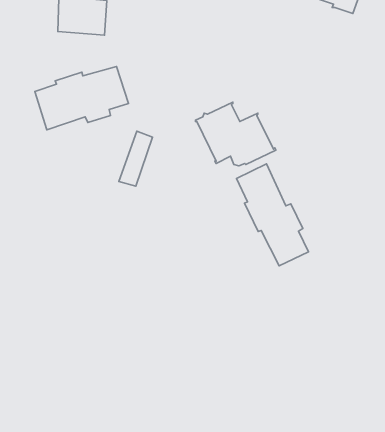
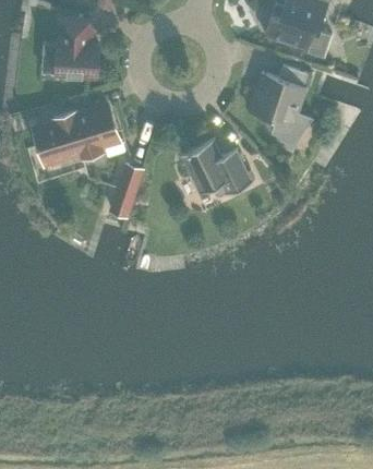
building: none -> [248,65,312,147]
building: [236,164,309,266] -> none

